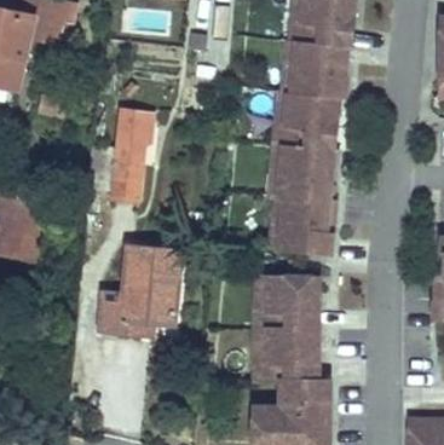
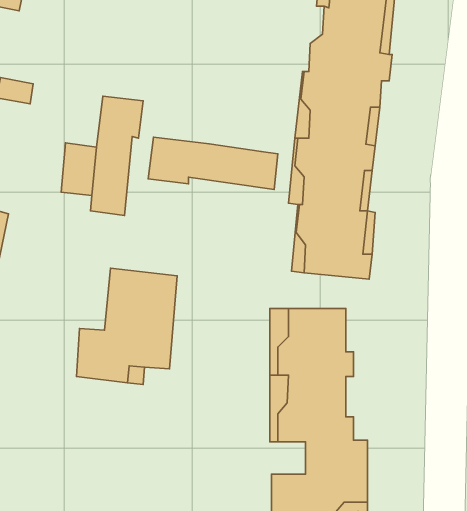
building: none -> [148,137,278,189]

